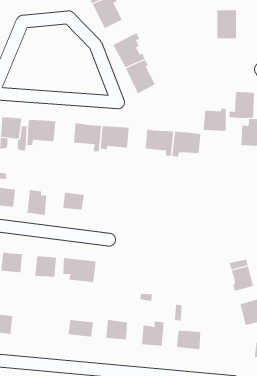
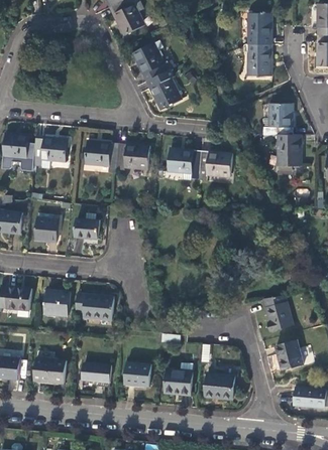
building: none -> [245,46,274,78]
building: [203,108,226,131] -> none
building: none -> [34,357,65,382]

